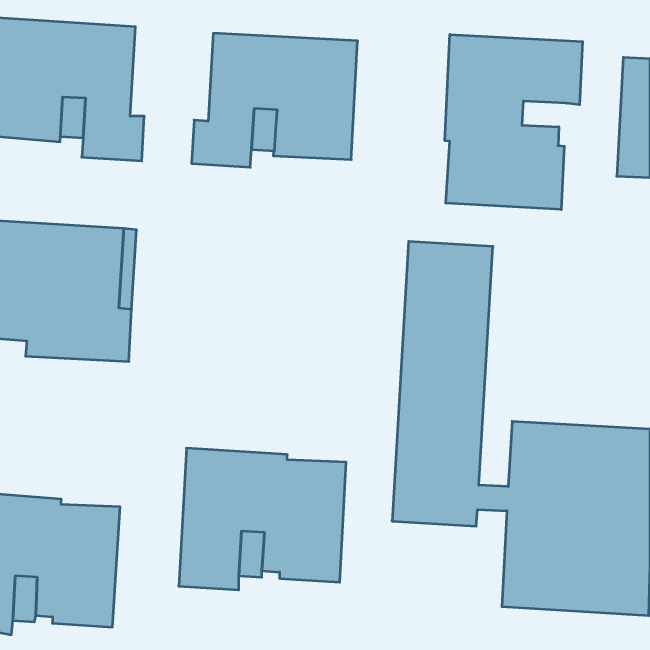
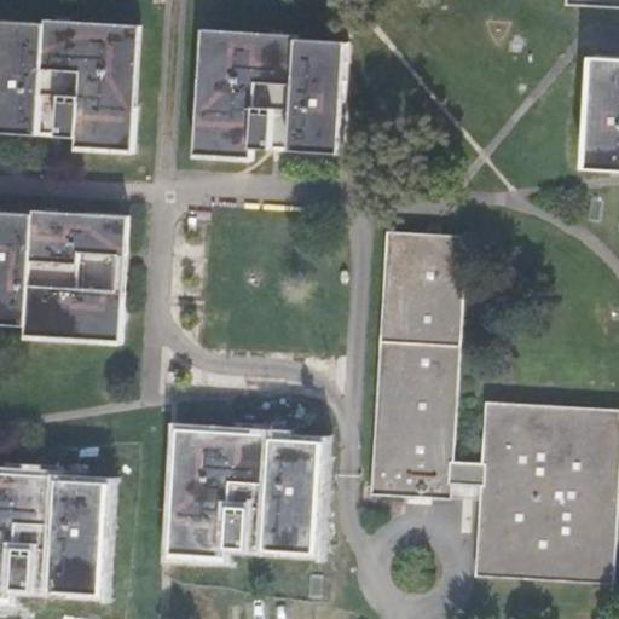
building: [445,34,583,210] -> none

